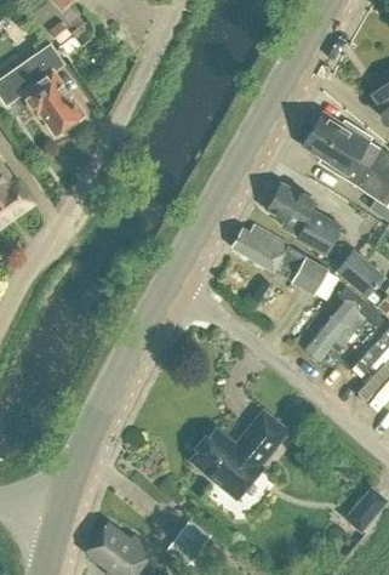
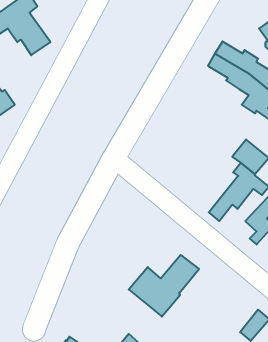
building: [265,183,342,257] -> none
building: [233,227,288,272] -> none
building: [288,257,327,296] -> none

